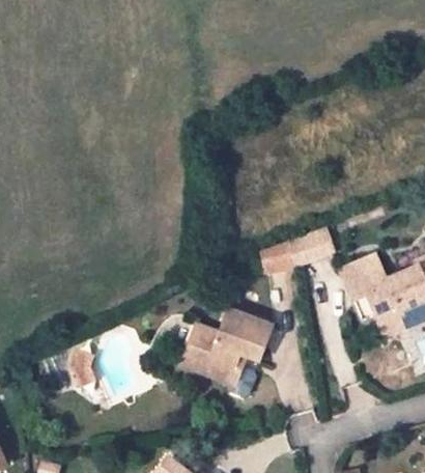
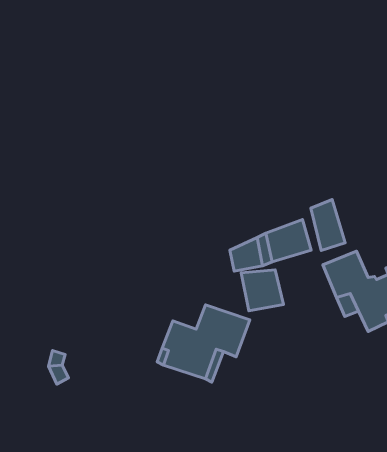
building: none -> [311,199,345,251]
building: none -> [241,270,283,311]

